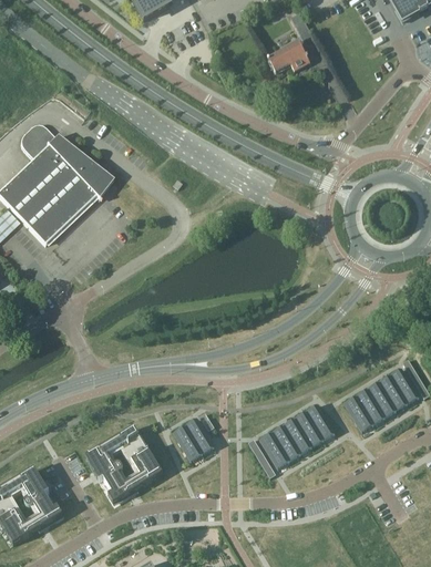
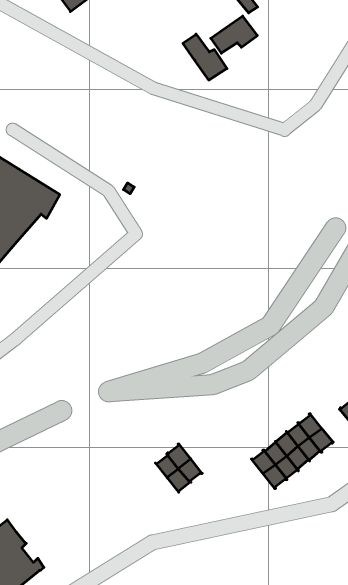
building: none -> [183,34,227,80]
building: [85,425,162,502] -> none

